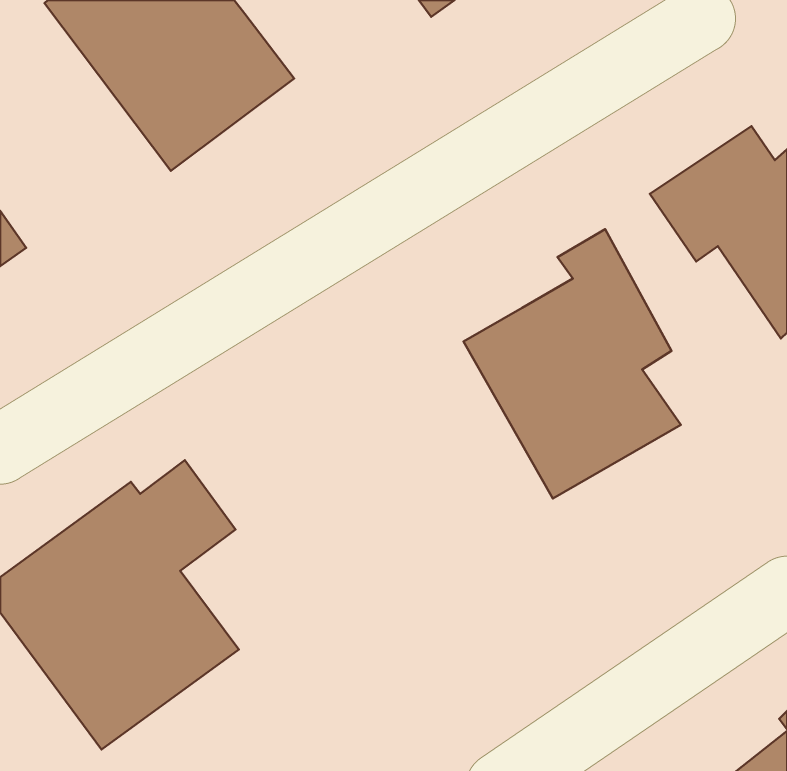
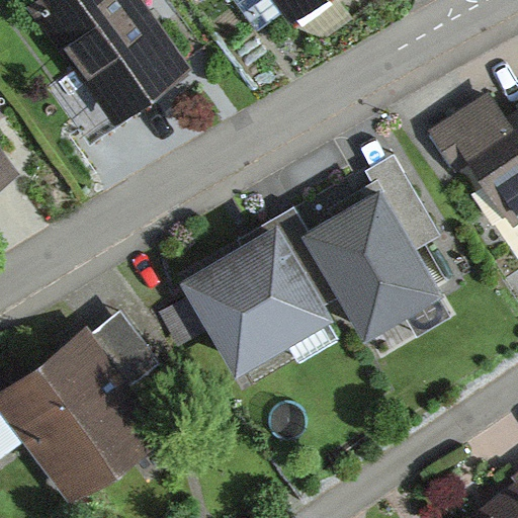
building: none -> [160,224,339,379]

